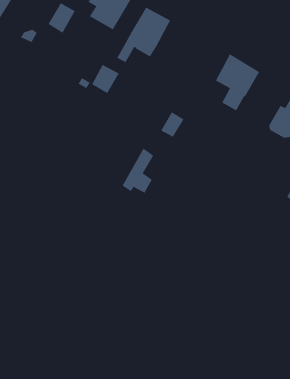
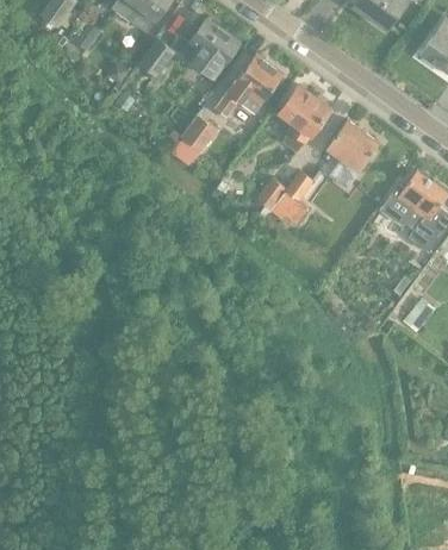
building: none -> [278,86,331,144]
building: [121,148,154,194] -> [270,170,312,224]

